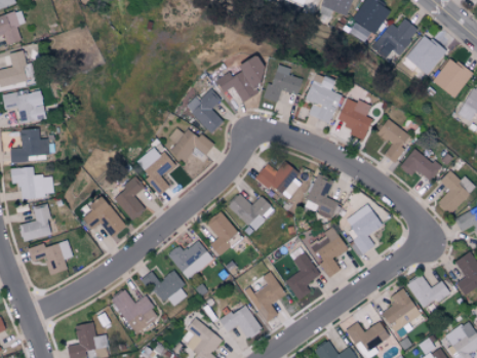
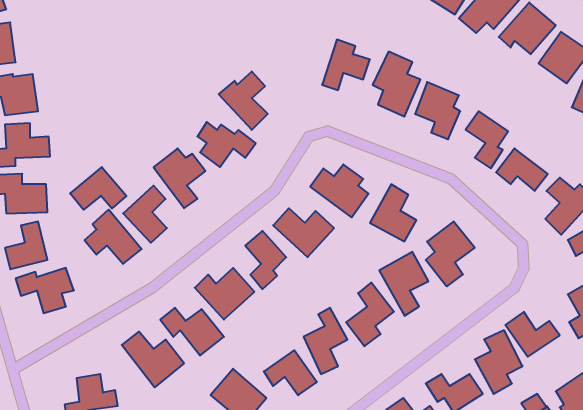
building: [216,54,267,102] -> none
building: none -> [70,167,126,210]

